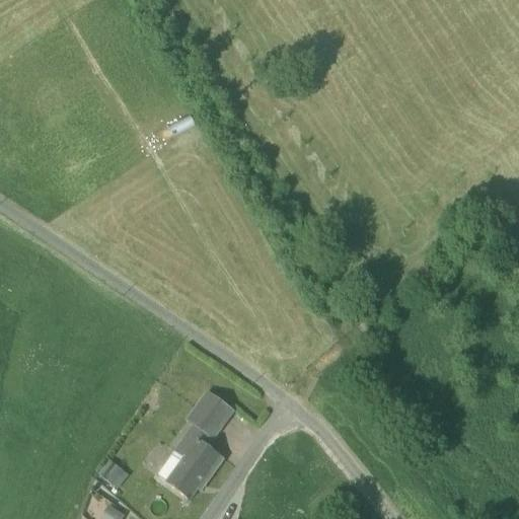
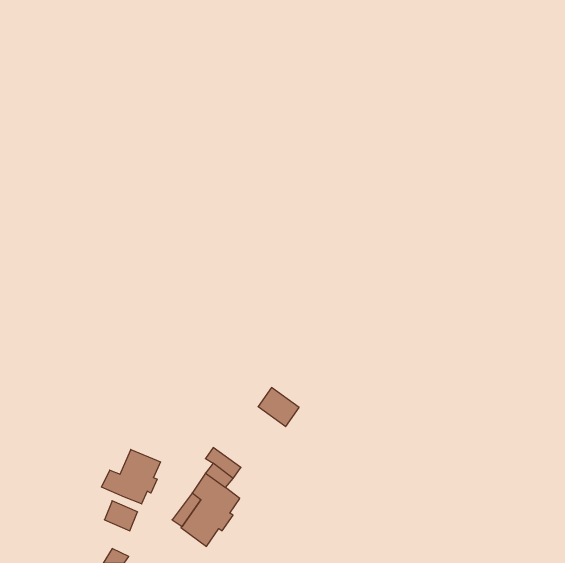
building: [197,391,234,427] -> [258,388,299,427]
building: none -> [101,449,161,504]

